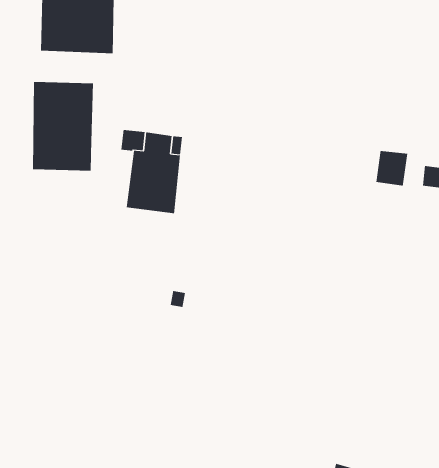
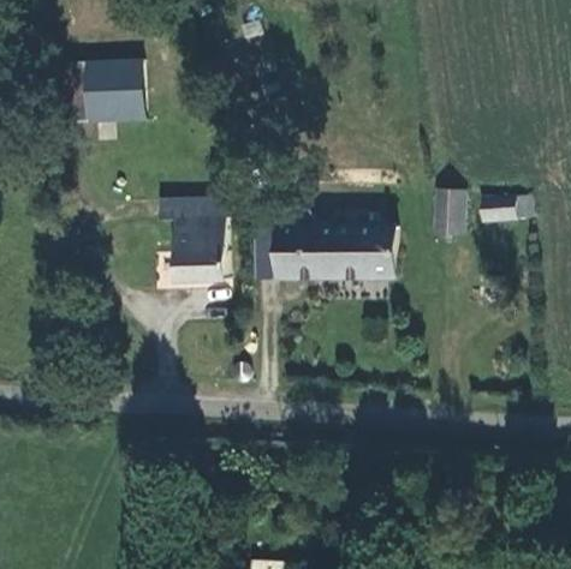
building: [32,81,93,172] -> none
building: none -> [276,229,394,280]

